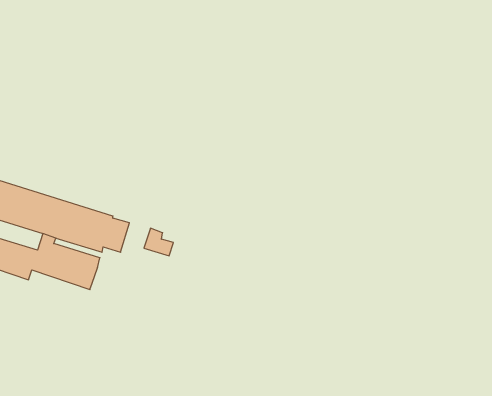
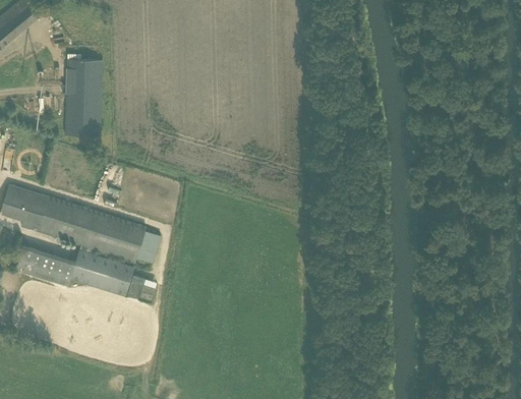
building: none -> [64,52,103,135]
building: [144,228,173,256] -> [127,275,155,300]

